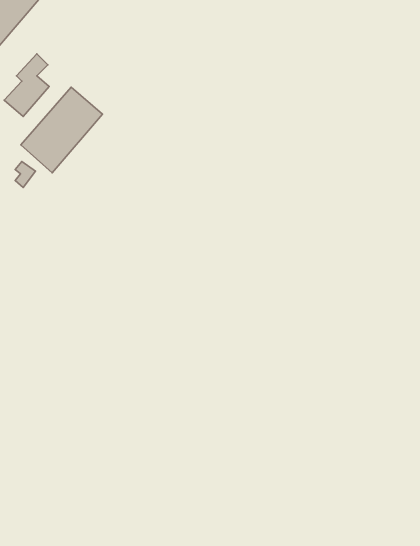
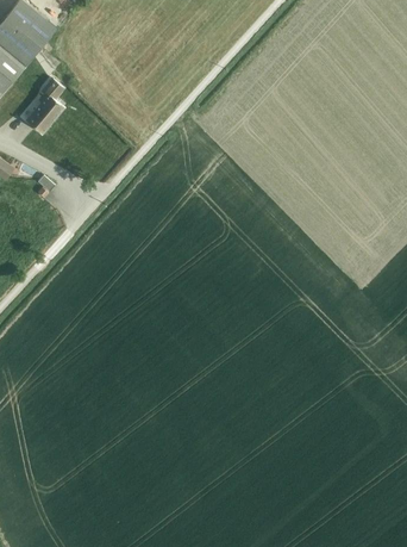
building: [21,87,102,173] -> none

